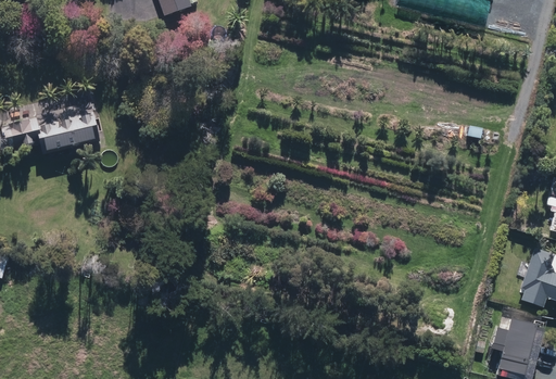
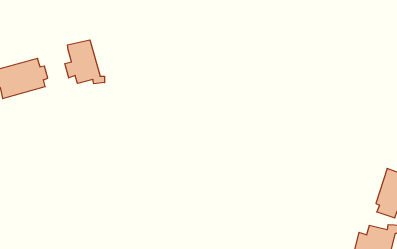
building: none -> [65,40,105,84]

